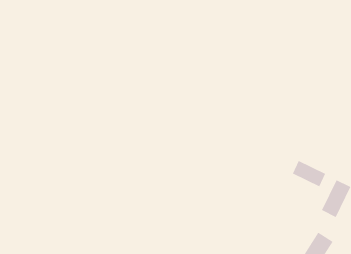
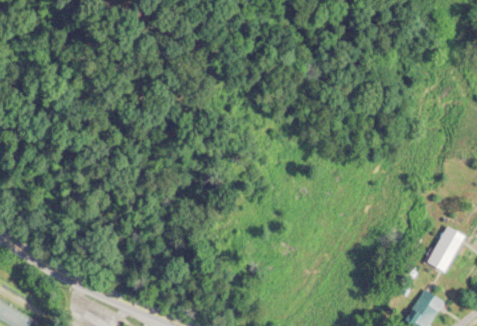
building: [292,160,326,187] -> none

